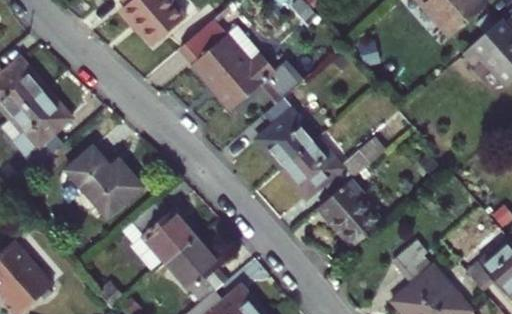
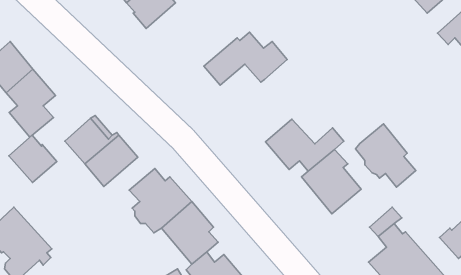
building: [183,27,252,89] -> none
building: [258,103,310,169] -> none
building: none -> [356,124,416,187]
building: none -> [9,135,57,183]

